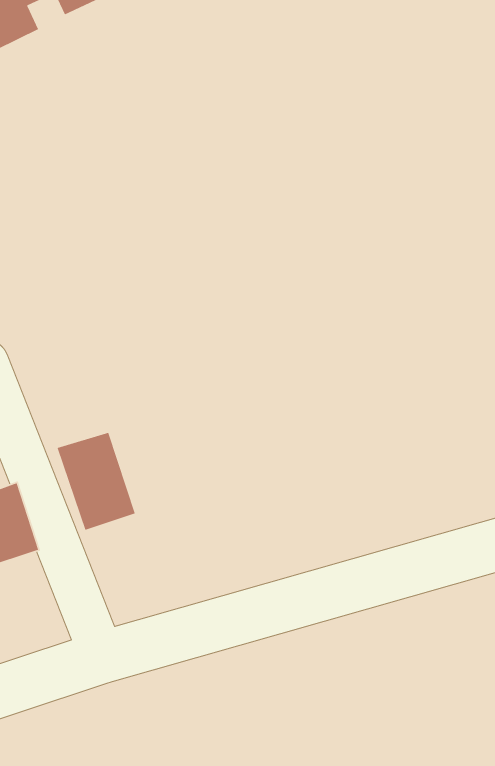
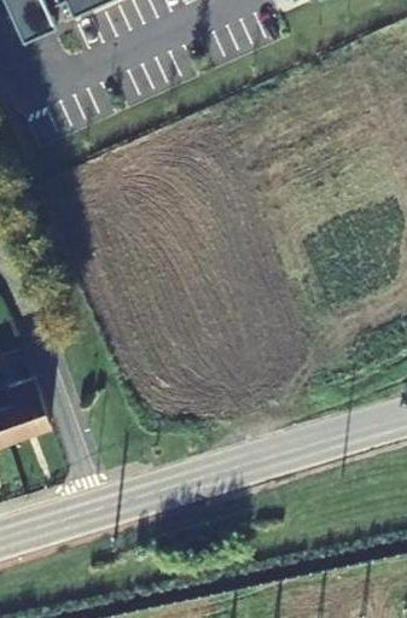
building: [57,432,136,531] -> none

